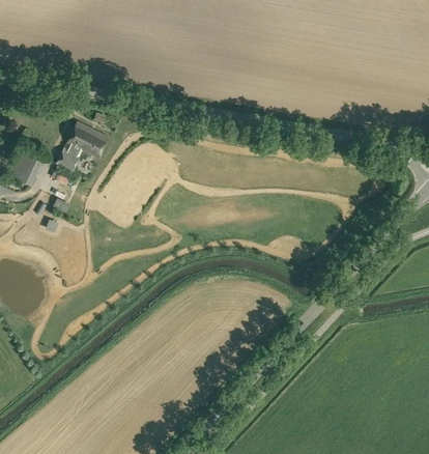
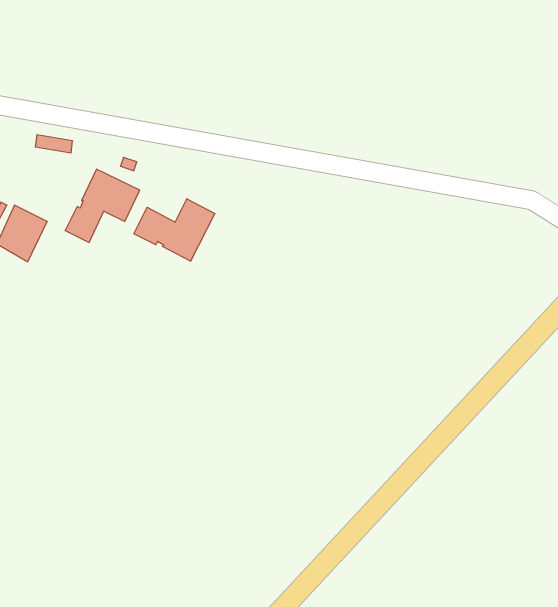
building: none -> [134,199,215,261]

